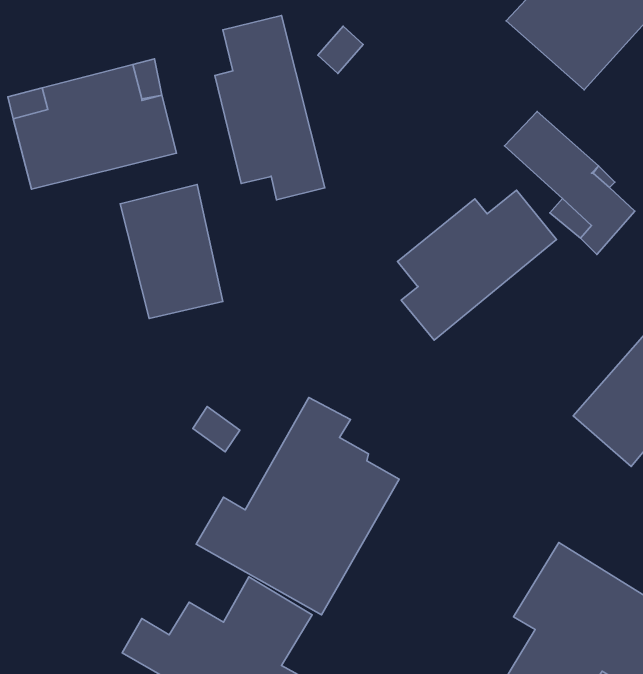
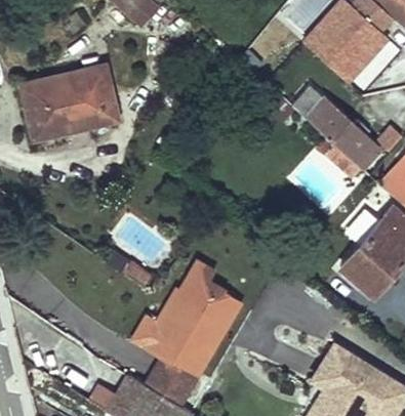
building: [215,16,325,200] -> none
building: [120,184,223,319] -> none
building: [398,190,557,340] -> none

